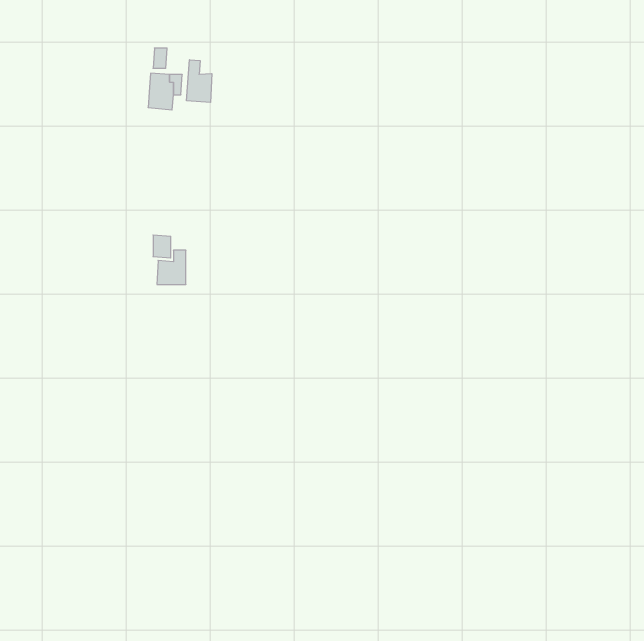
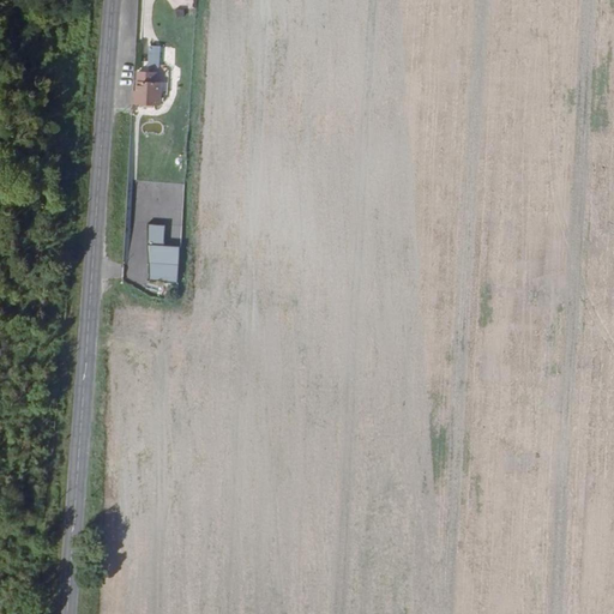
building: [187,60,212,102] -> none

